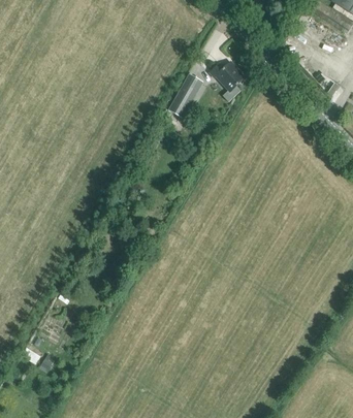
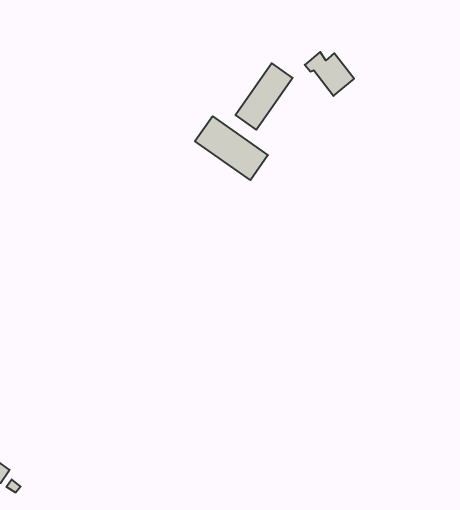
building: none -> [195,116,268,180]

